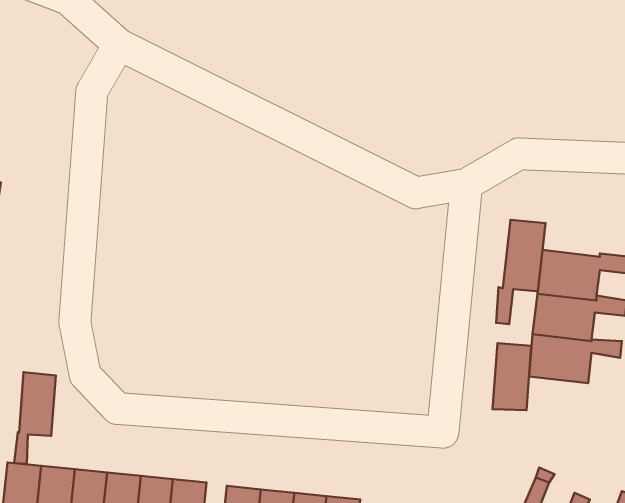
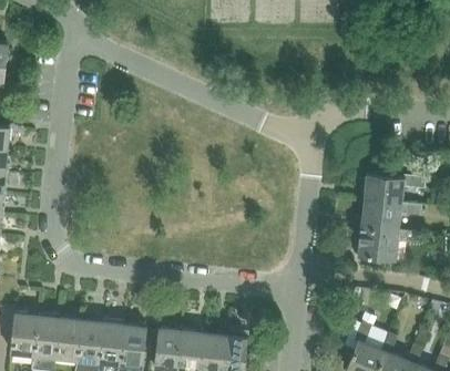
building: [496,220,545,324] -> none
building: [492,343,531,410] -> none
building: [14,372,56,464] -> none

